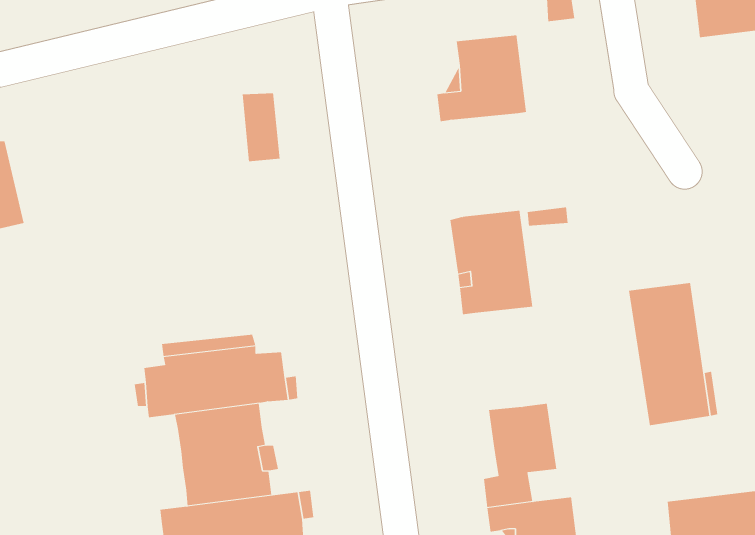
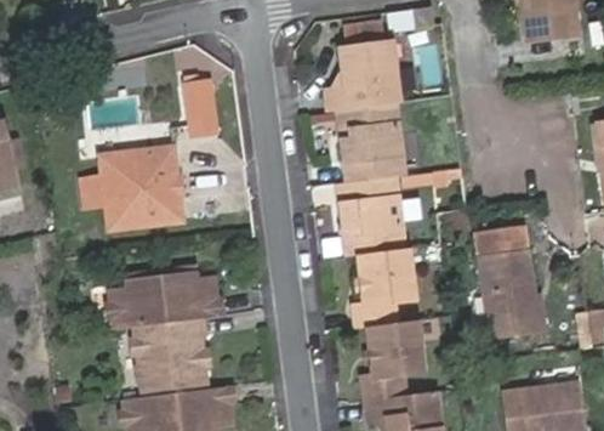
building: none -> [341,100,401,177]
building: none -> [80,148,181,228]
building: none -> [354,245,412,324]

